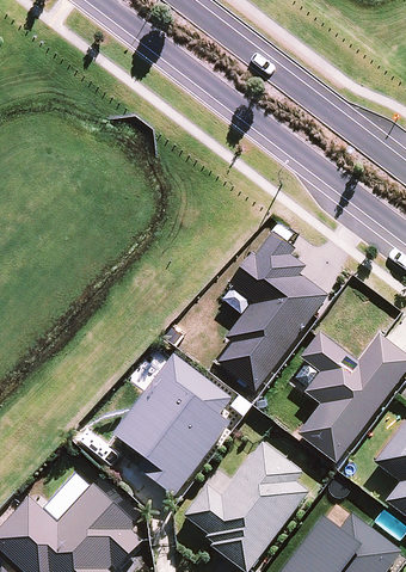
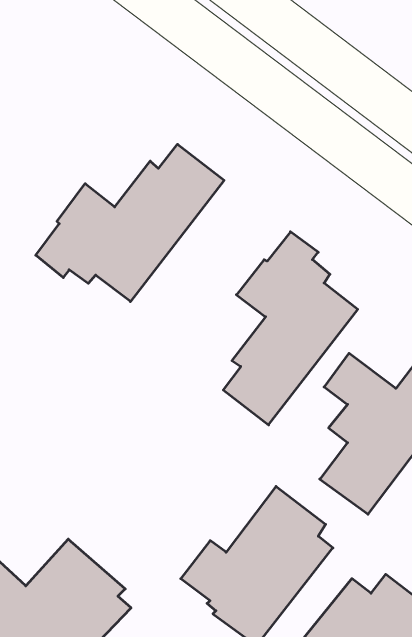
building: none -> [36,144,224,302]
building: [113,353,233,497] -> none

